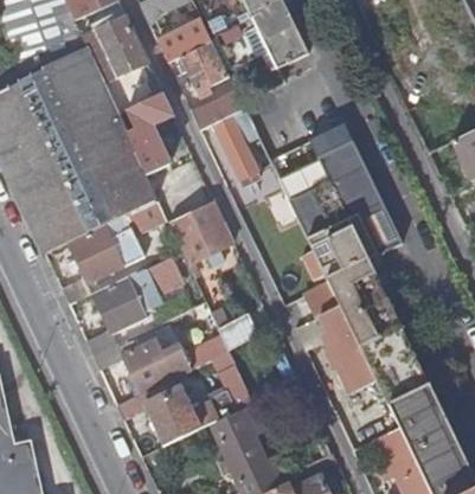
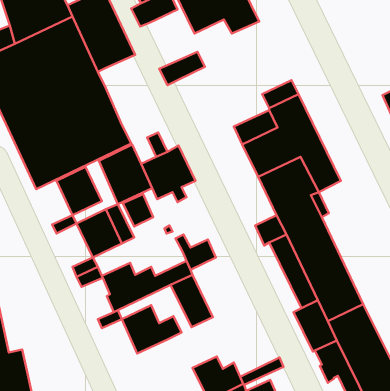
building: [180,41,229,91] -> none
building: [128,95,173,174] -> none
building: [212,109,257,180] -> none
building: [212,403,264,462] -> none

